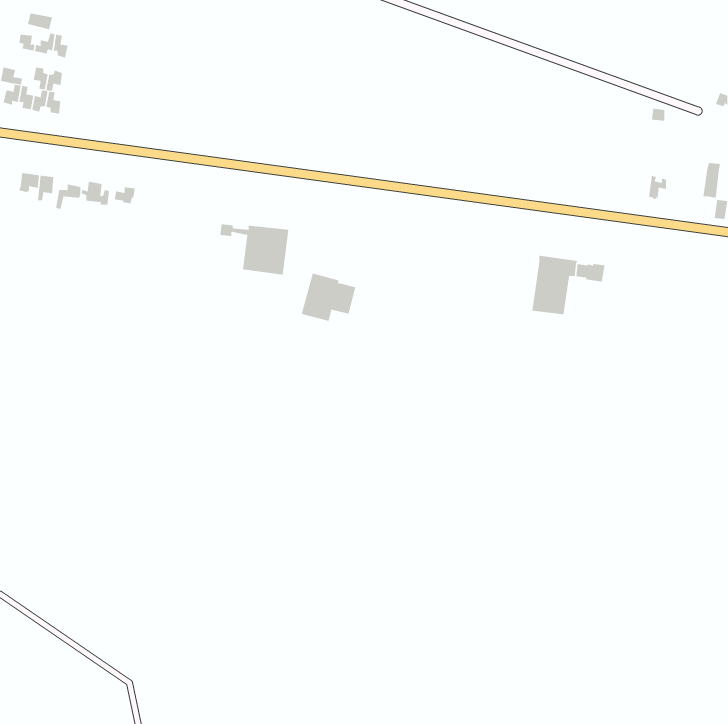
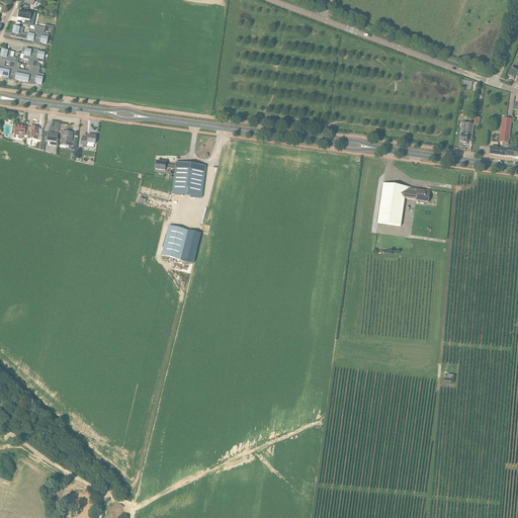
building: [301,273,356,321] -> [161,223,200,257]

